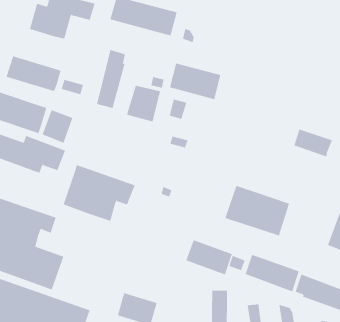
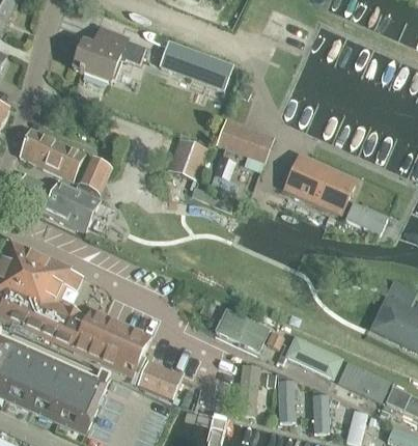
building: [96,49,126,109] -> none
building: [6,55,61,92] -> none
building: [63,165,135,221] -> [72,308,151,372]
building: [225,185,290,236] -> [283,156,355,215]

